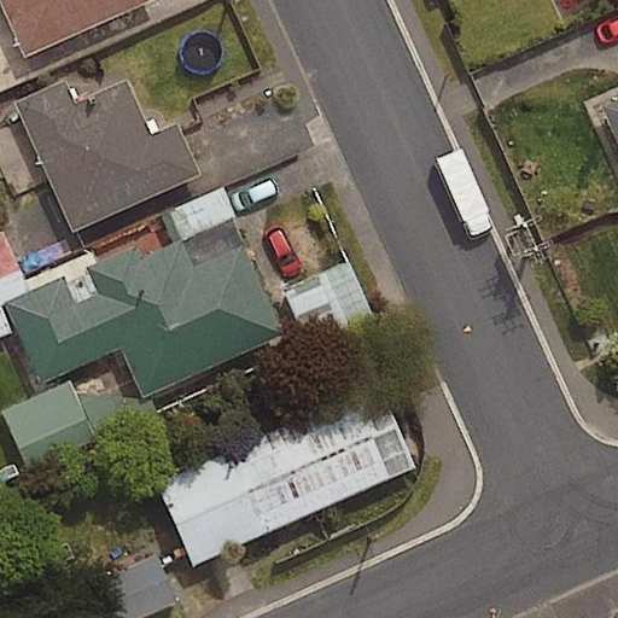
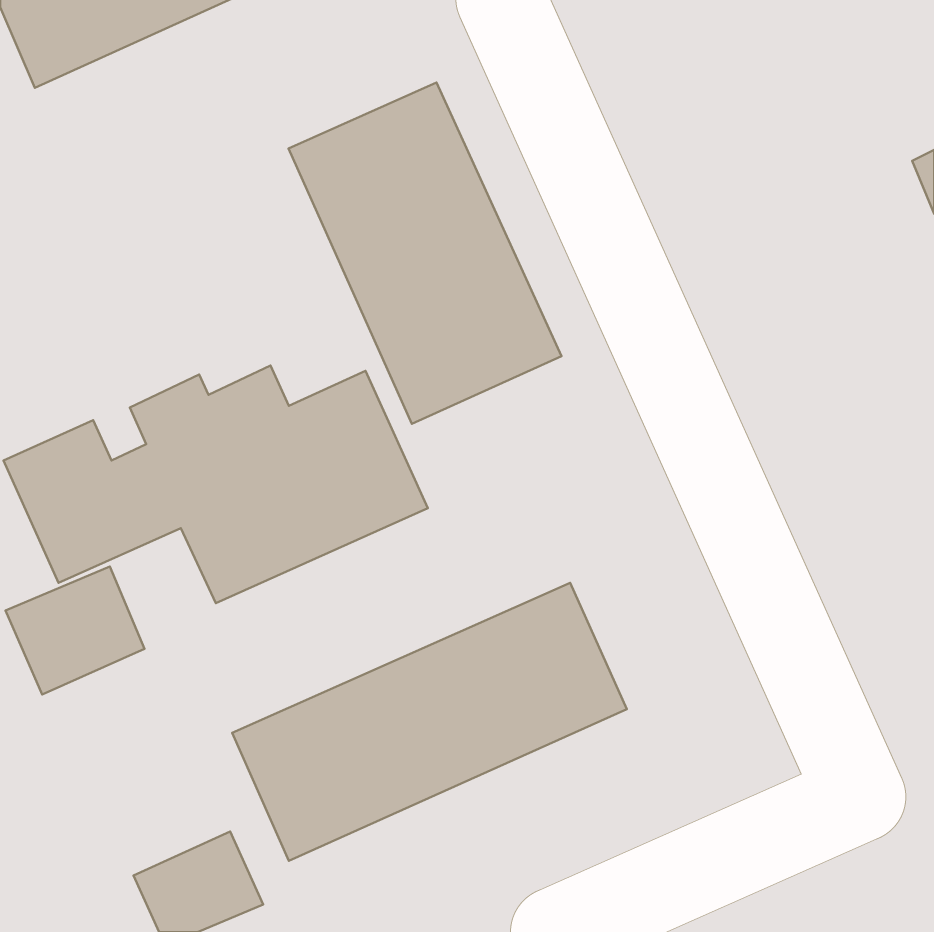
building: none -> [289,82,561,424]
building: [12,78,198,233] -> none

